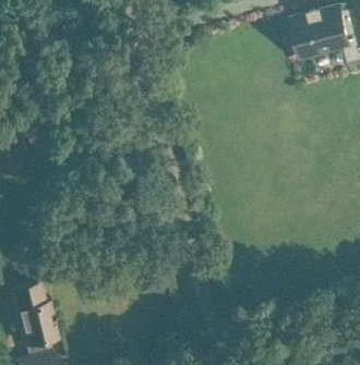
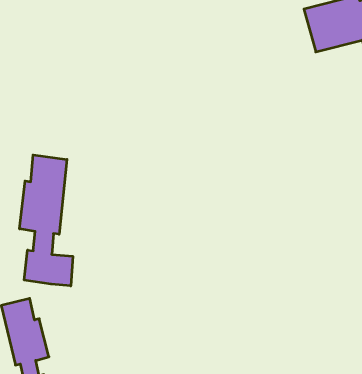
building: none -> [20,155,73,286]

